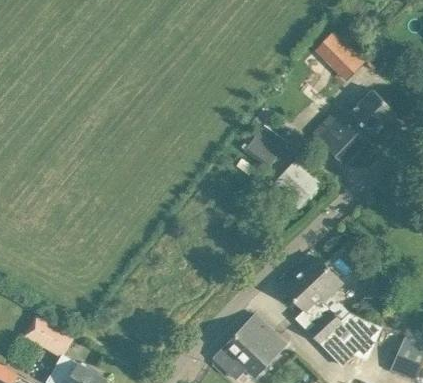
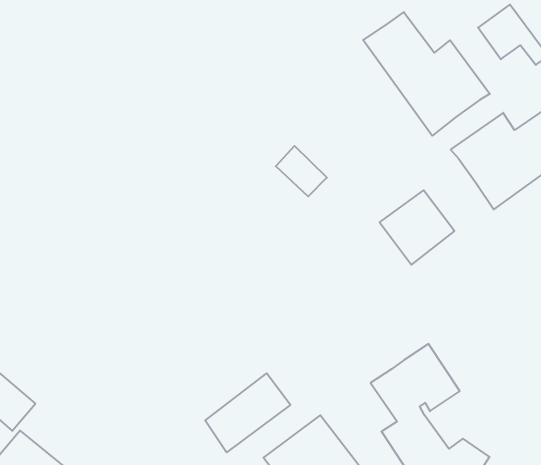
building: none -> [363,12,490,136]
building: [245,135,279,166] -> [276,146,327,196]
building: none -> [205,373,290,452]

